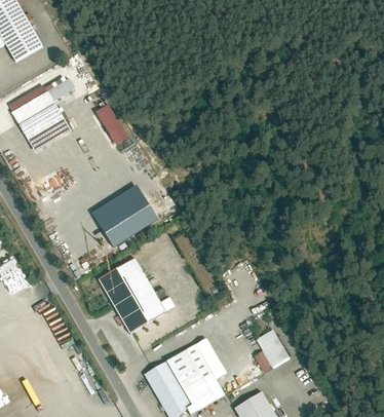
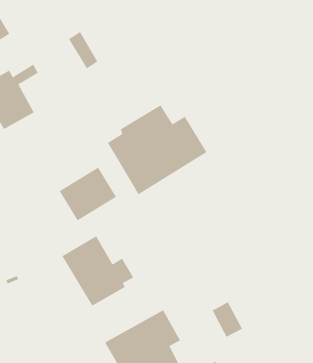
building: [97,104,128,144] -> [68,31,98,69]
building: none -> [107,105,207,195]

